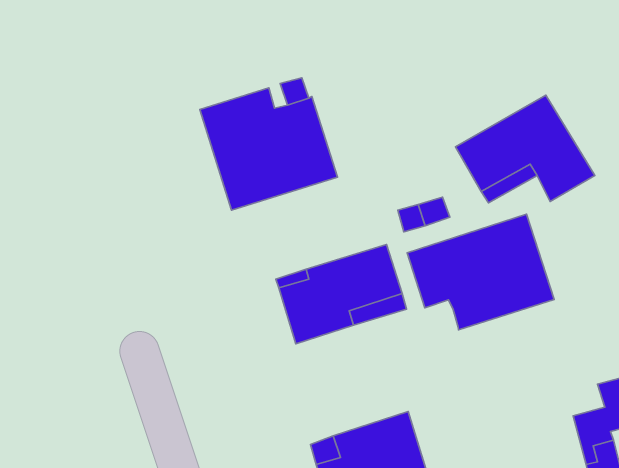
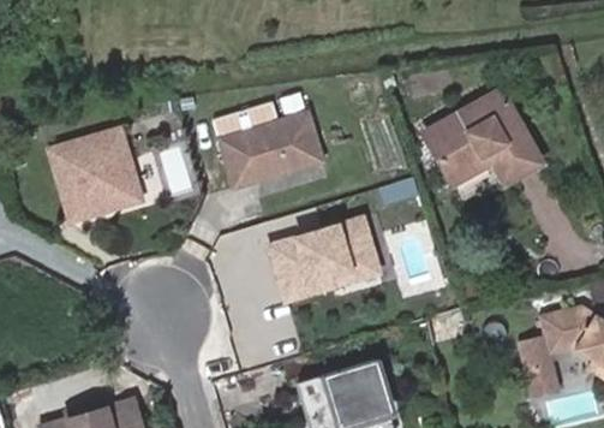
building: none -> [48,129,139,220]
building: [407,214,554,330] -> none

